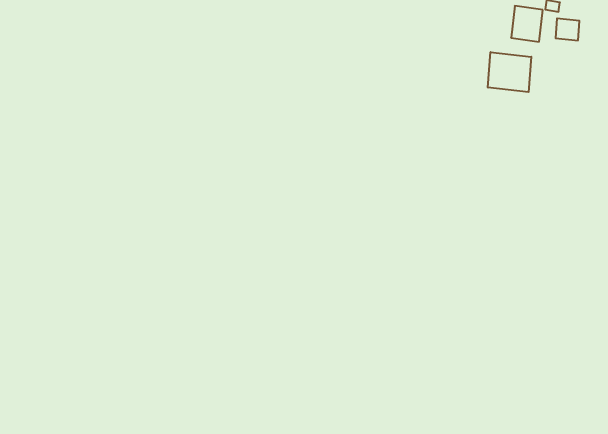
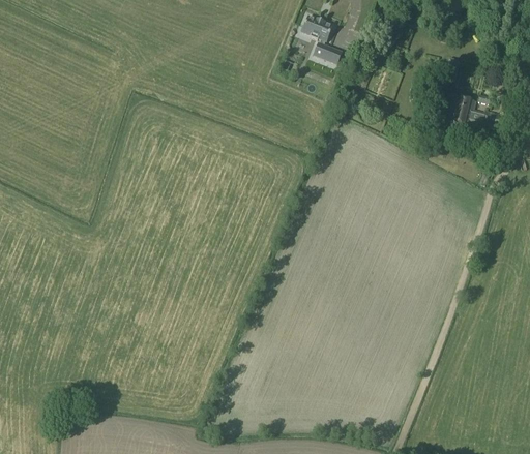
building: [488,52,531,92] -> none

